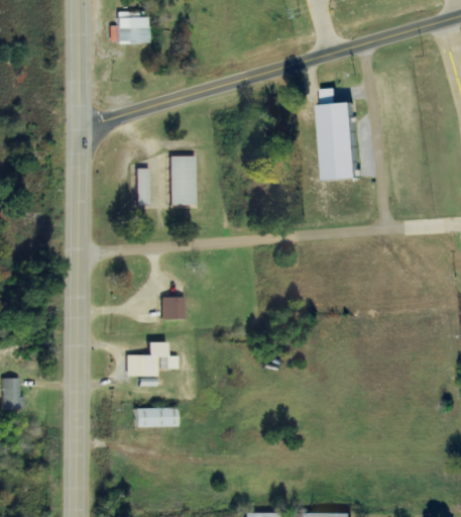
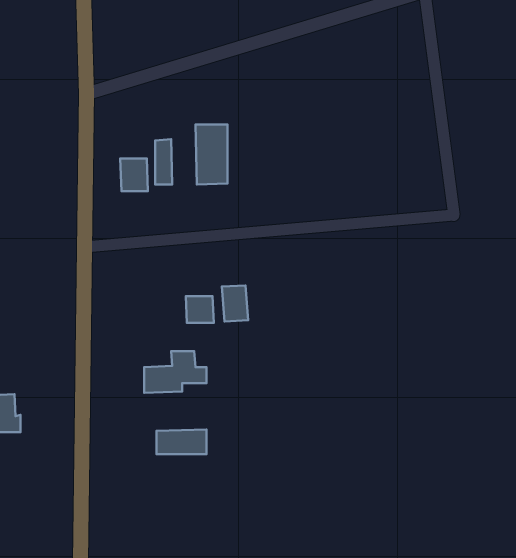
building: [322,88,362,180] -> none
building: none -> [120,158,148,191]
building: none -> [222,285,248,321]

